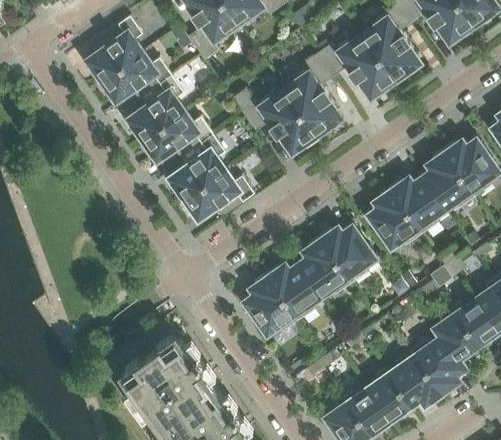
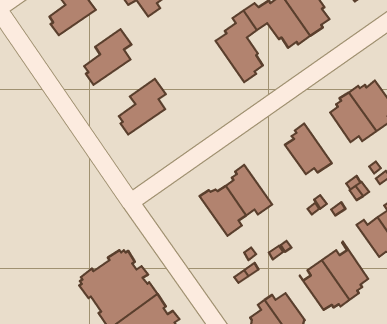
building: [98,53,171,102] -> none
building: [225,83,318,153] -> none
building: [139,112,212,161] -> none
building: [180,171,254,219] -> none
building: [389,175,444,235] -> none
building: [318,224,374,284] -> none
building: [242,274,298,334] -> none
building: [435,308,478,372] -> none
building: [367,369,412,421] -> none

